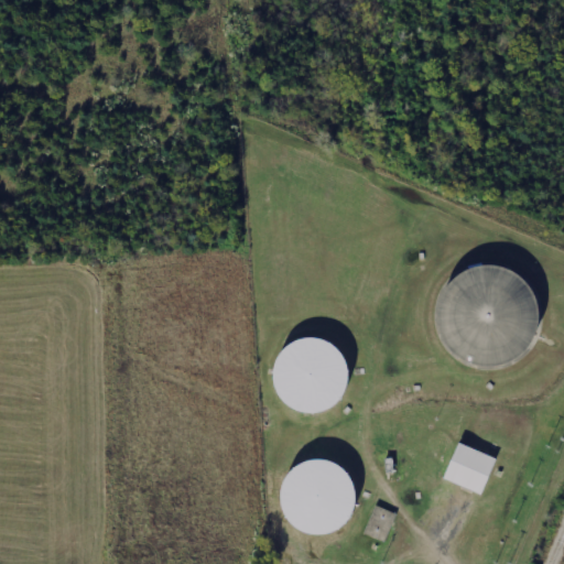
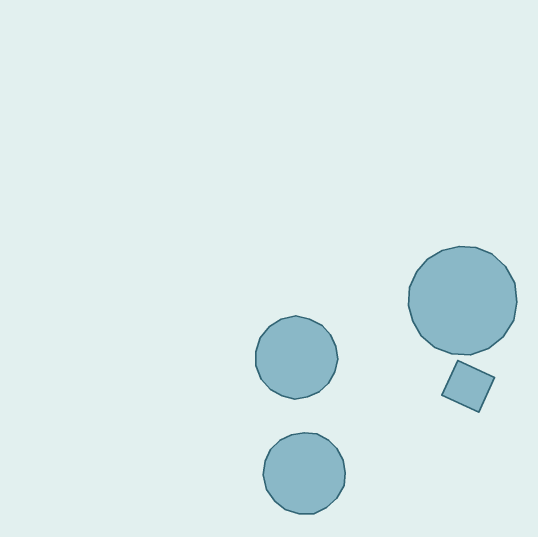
building: [442,442,497,496] -> [442,361,495,412]
building: [366,505,397,541] -> none

